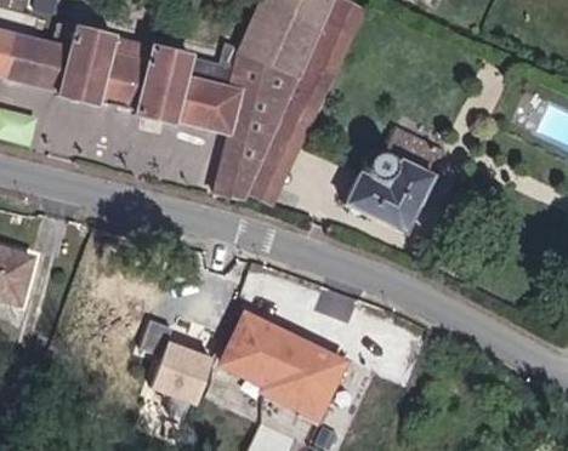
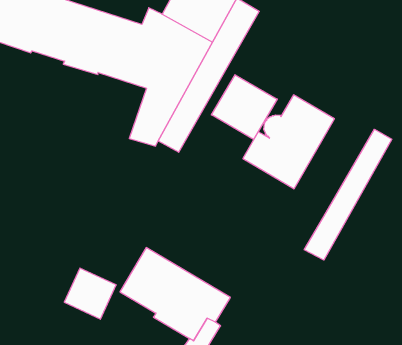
building: none -> [211,75,277,139]
building: none -> [304,129,392,260]

